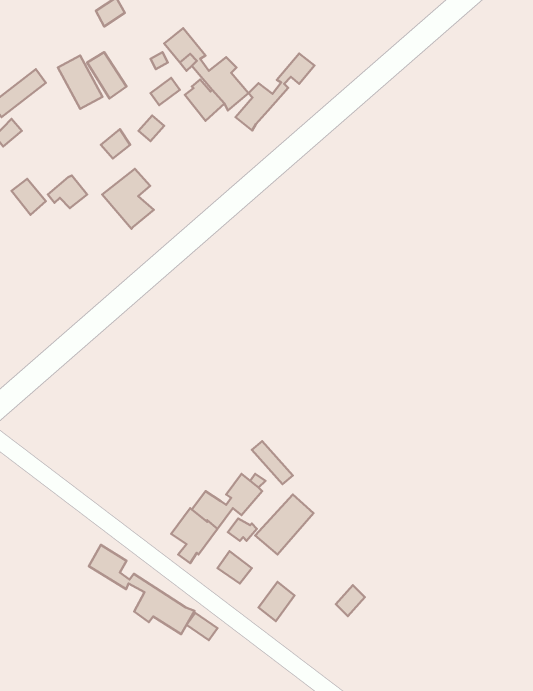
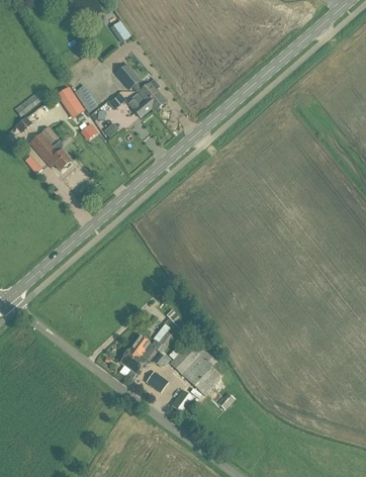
building: [235,53,315,131] -> none
building: [102,169,154,229] -> [29,126,60,162]
building: none -> [183,349,222,394]
building: [89,545,195,634] -> none

